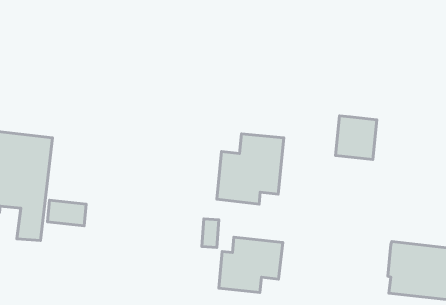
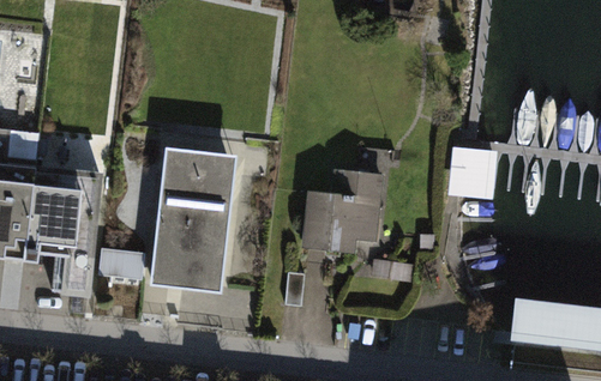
building: none -> [149,147,238,294]
building: [219,237,283,292] -> none

